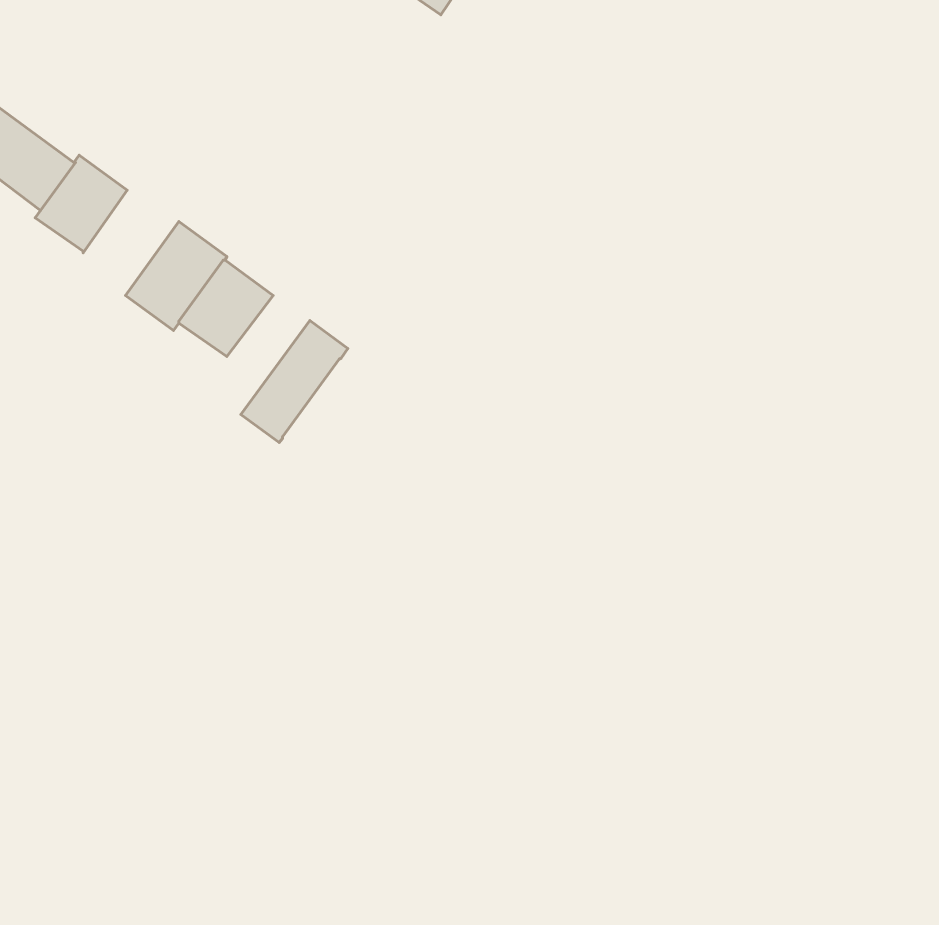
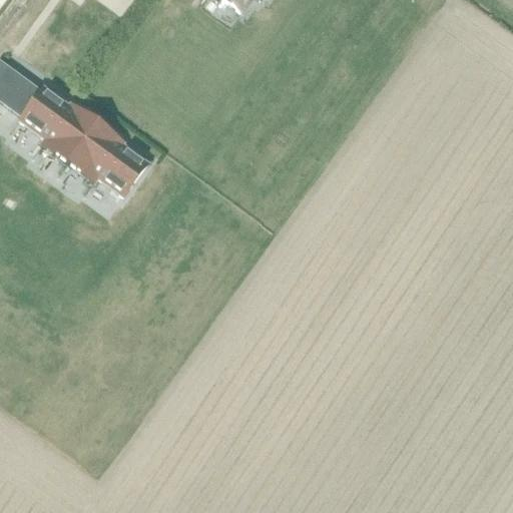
building: none -> [41,101,97,160]
building: [241,321,348,442] -> none

